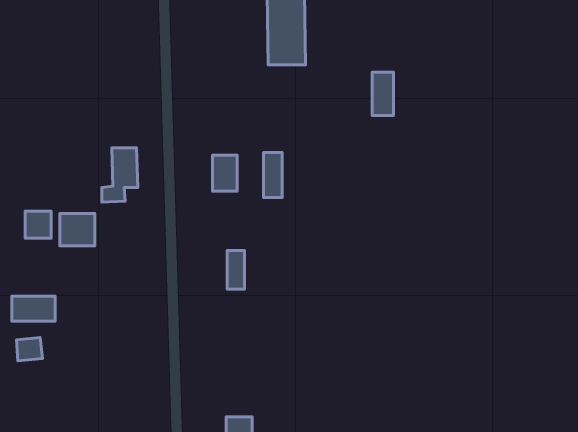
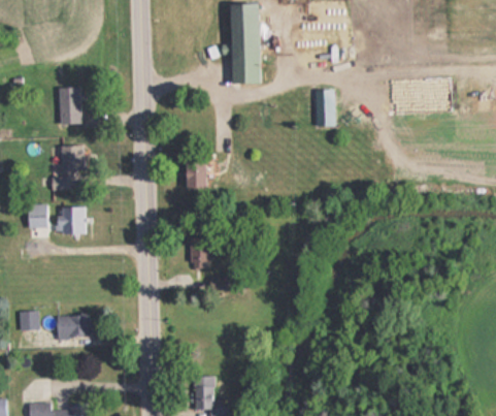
building: none -> [60,88,82,125]
building: [102,148,138,202] -> [54,146,84,191]
building: [264,153,282,197] -> none
building: [12,296,55,321] -> [57,316,93,337]

